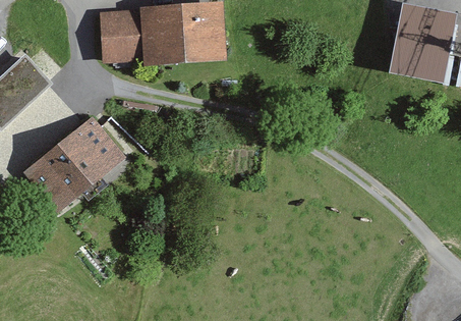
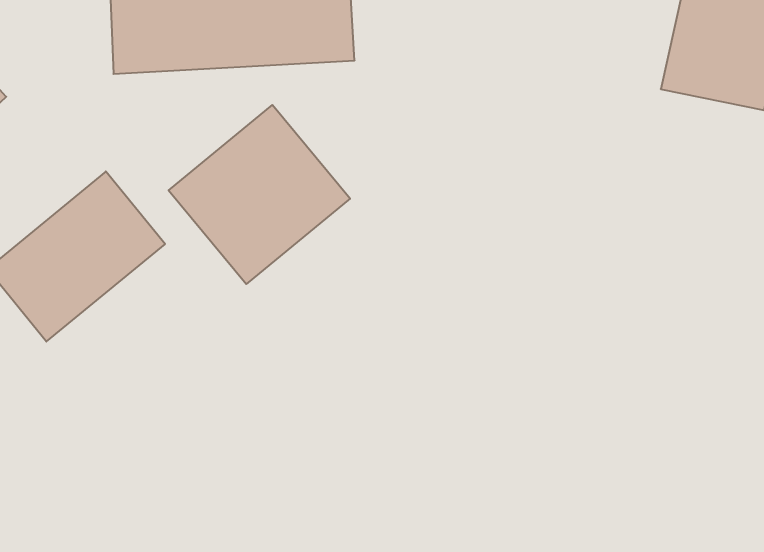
building: none -> [169,105,350,284]

